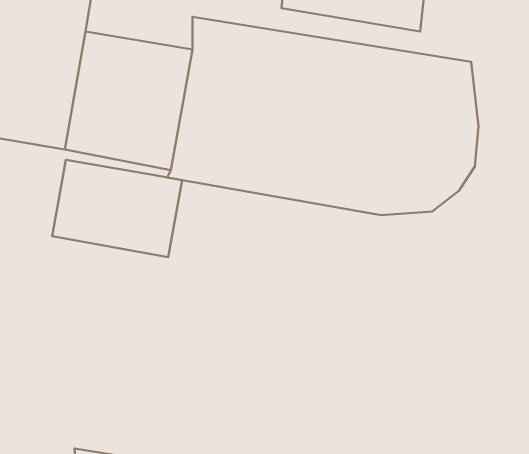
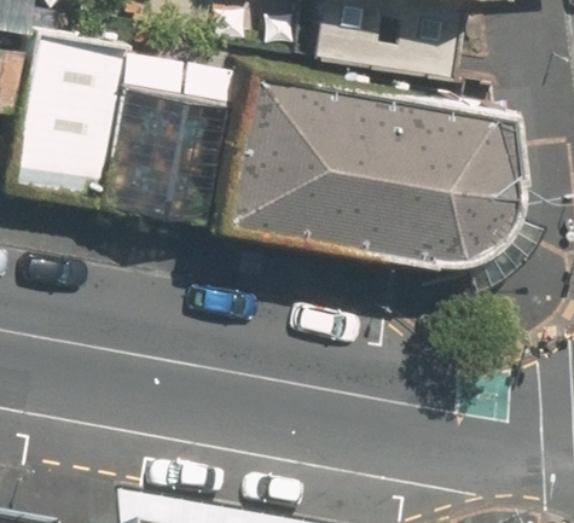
building: [52,160,182,257] -> none

